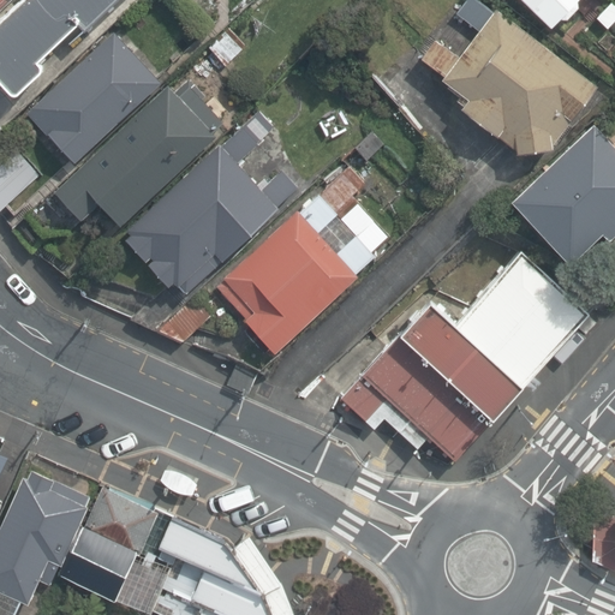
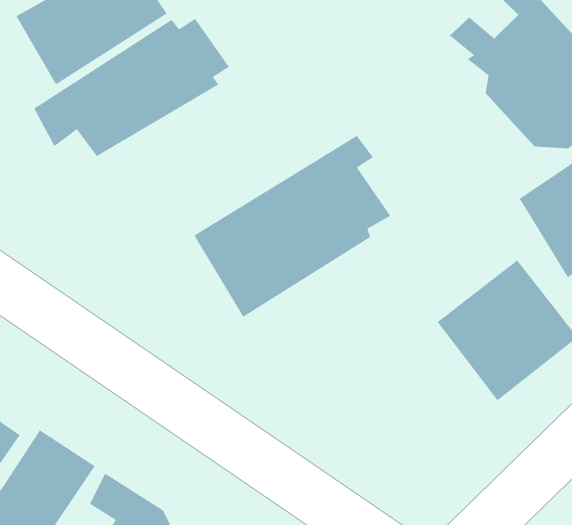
building: [121,114,300,299] -> none
building: [339,303,524,464] -> none

